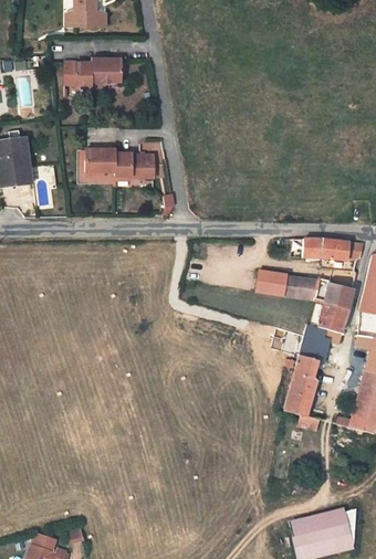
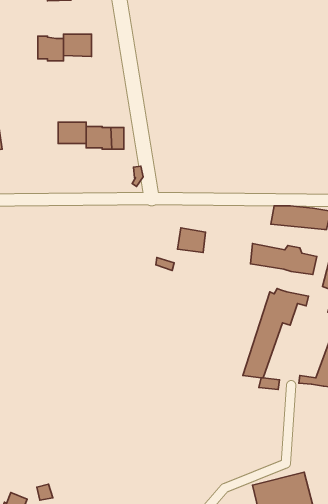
building: [258,272,286,297] -> [178,228,205,252]
building: [322,305,348,330] -> none

